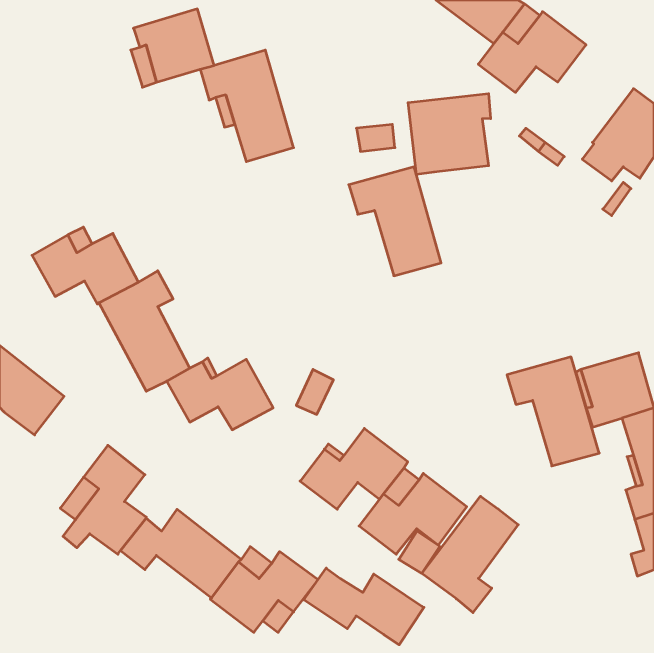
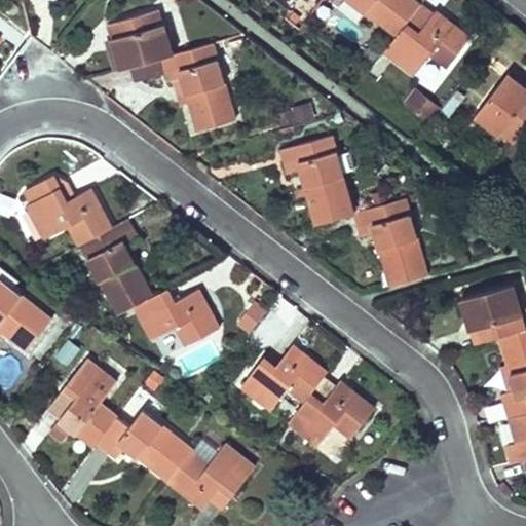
building: [408,94,491,175] -> none
building: [507,357,599,466] -> [353,198,427,286]
building: [422,496,518,613] -> none
building: [304,568,424,645] -> none

